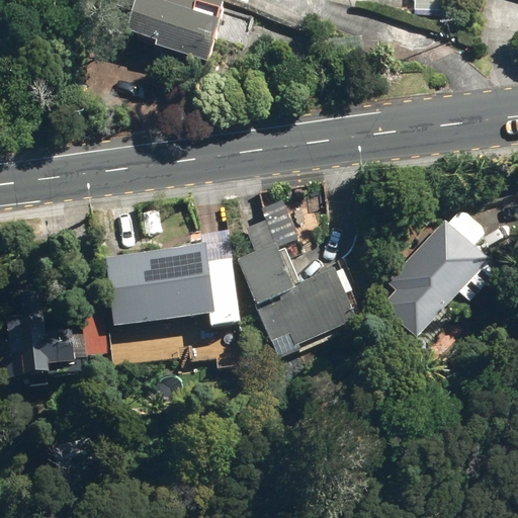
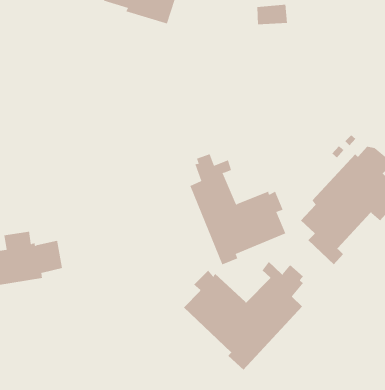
building: [108,241,236,324] -> none
building: none -> [183,261,304,370]

